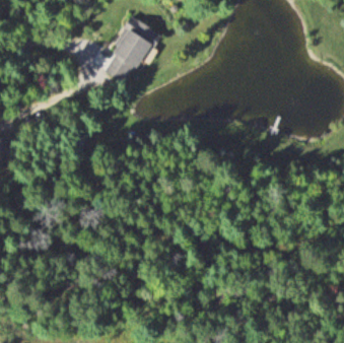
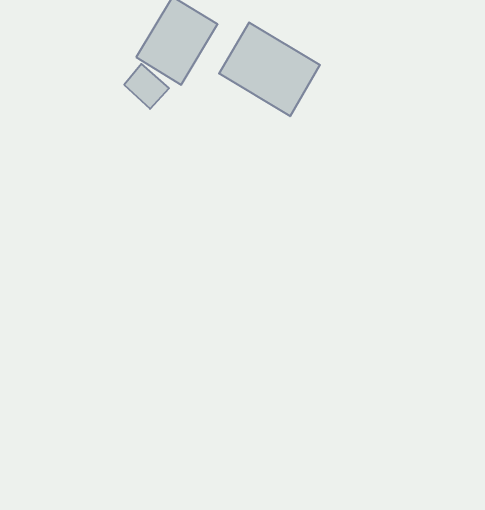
building: none -> [219,22,320,116]

